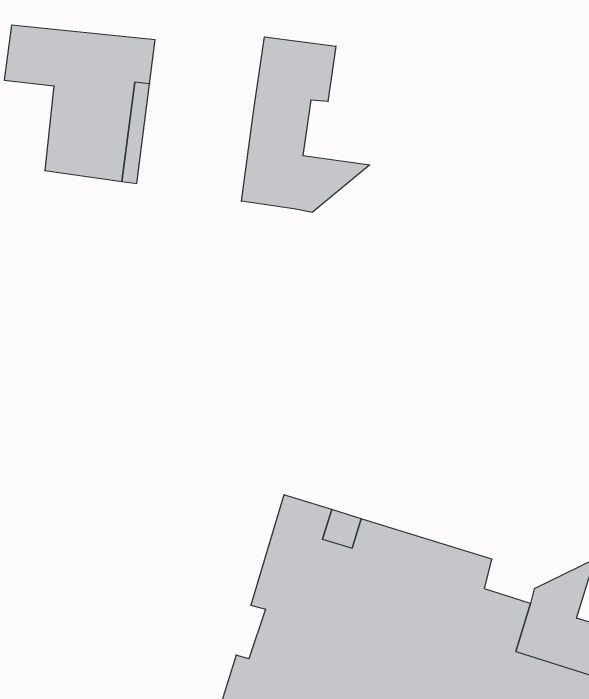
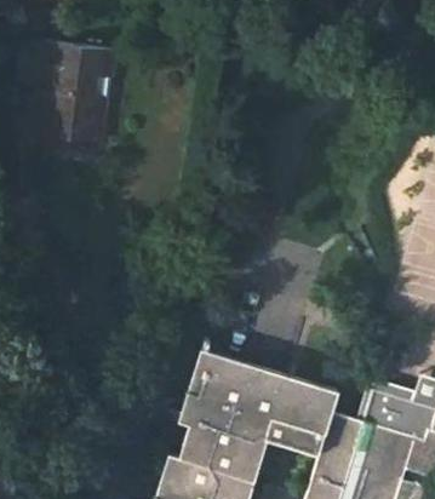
building: [241,37,370,212] -> none

